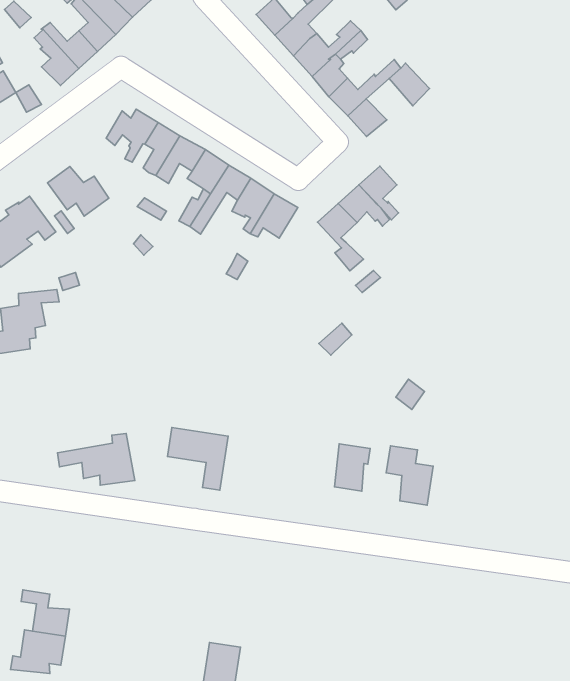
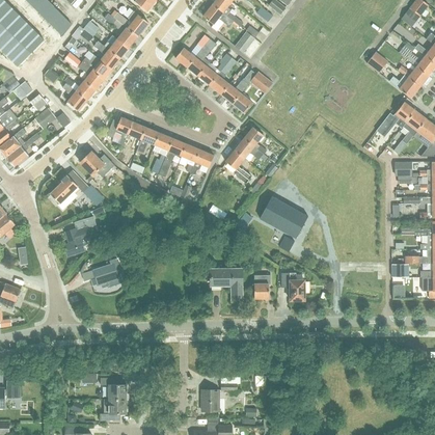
building: none -> [259,196,307,238]
building: [167,427,228,490] -> [211,269,241,298]
building: [58,433,135,485] -> [82,257,125,287]

